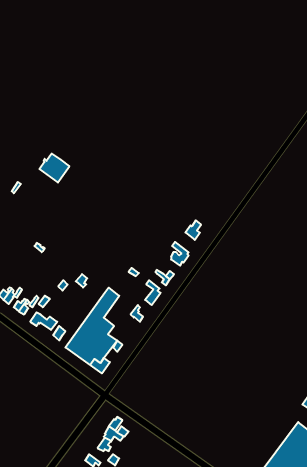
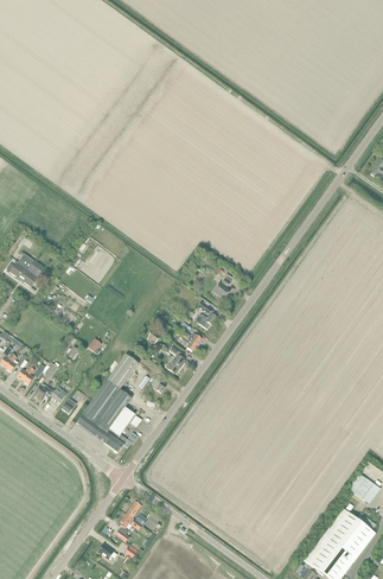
building: [39,154,69,183] -> [11,252,45,285]

